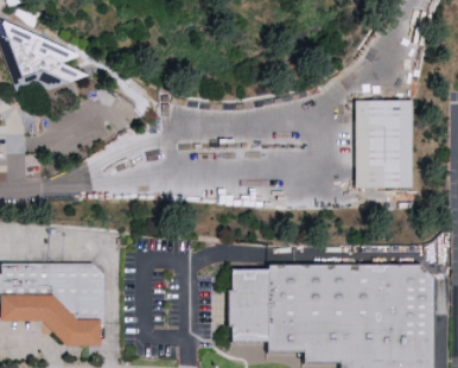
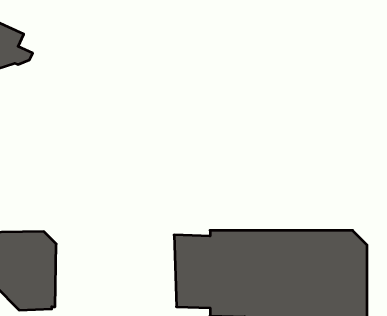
building: [355,97,416,186] -> none

